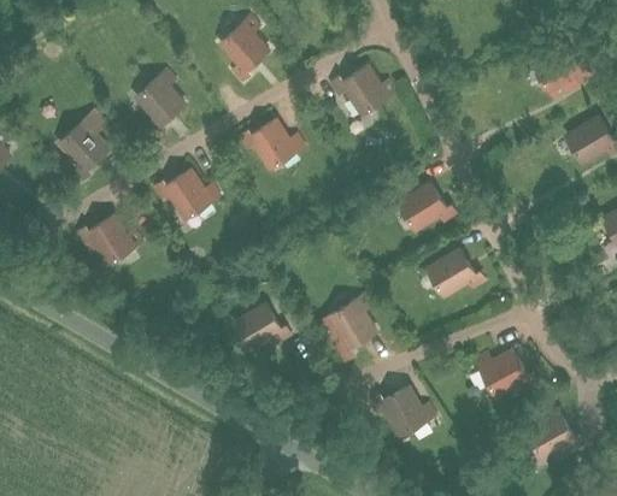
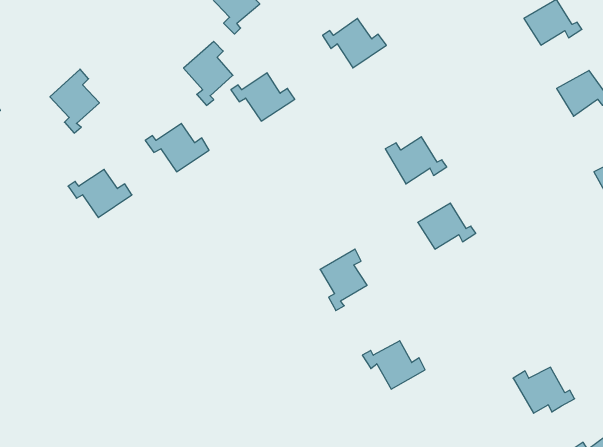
building: [135,70,184,134] -> [184,41,233,105]
building: [233,303,290,350] -> none
building: [476,350,536,396] -> none

